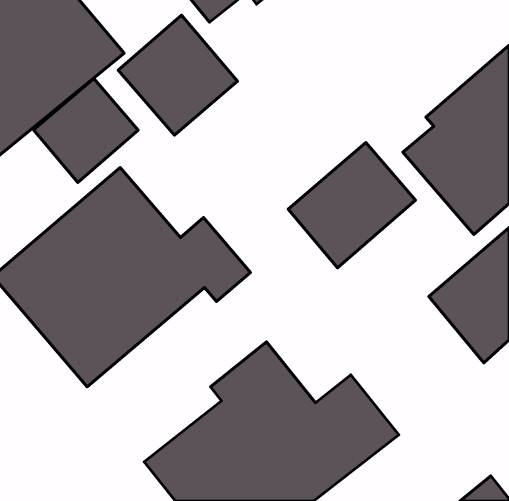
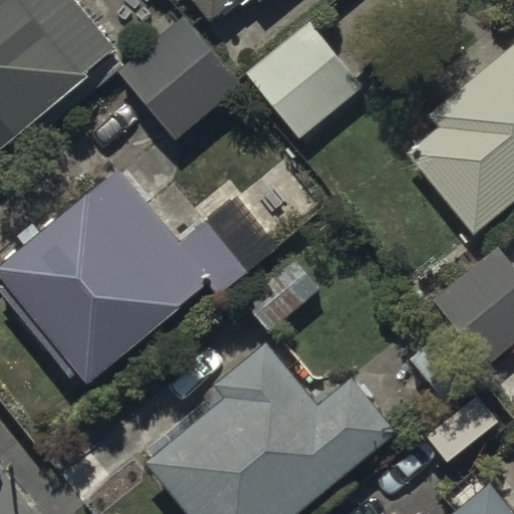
building: none -> [244,20,362,137]
building: [34,78,138,183] -> none
building: [288,142,416,268] -> none

